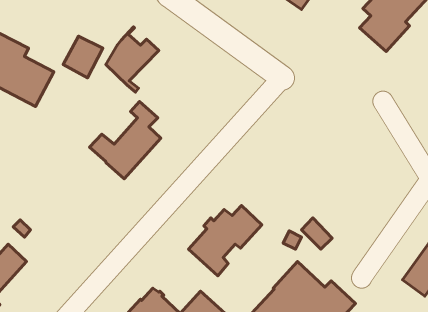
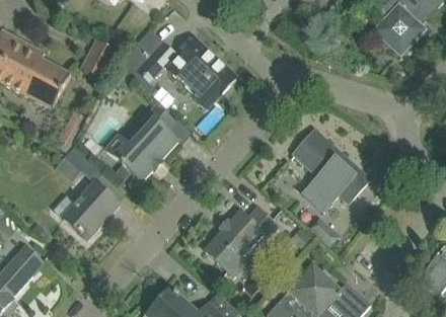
building: none -> [167,39,235,106]
building: none -> [292,128,370,210]
building: none -> [53,145,126,240]

